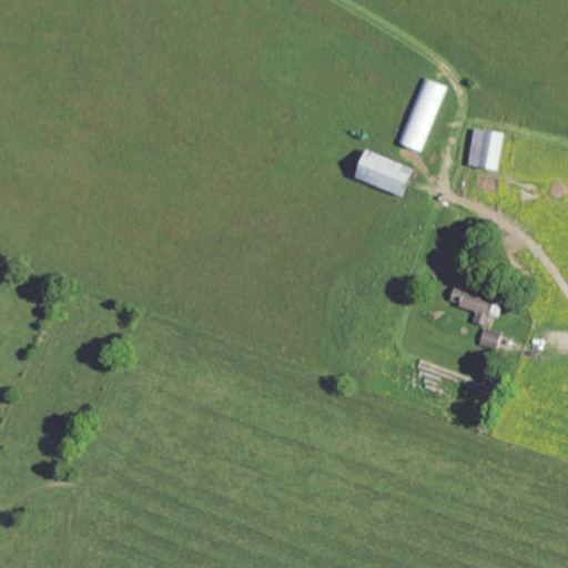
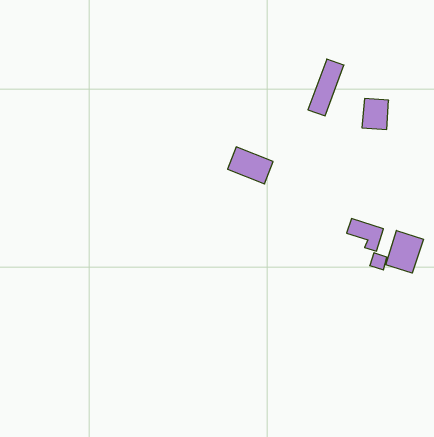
building: [356,150,415,197] -> [228,147,273,184]
building: none -> [386,230,424,273]

